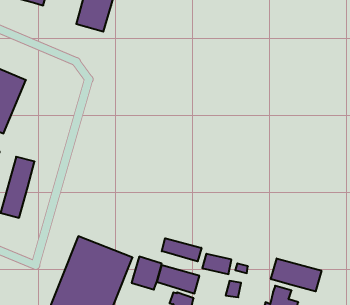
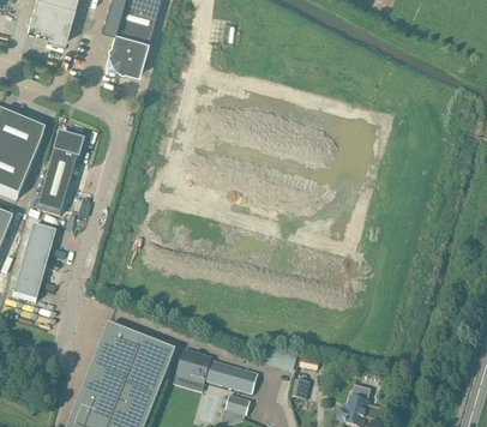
building: none -> [36,134,82,214]
building: [162,238,201,261] -> none
building: [271,258,321,291] -> none

